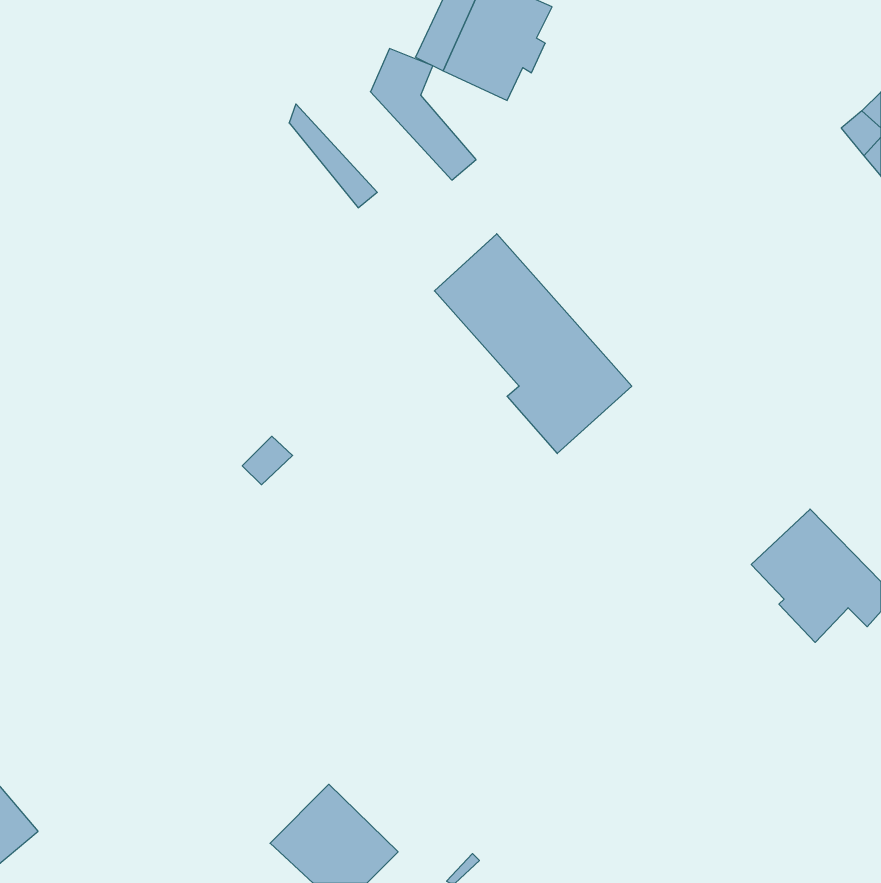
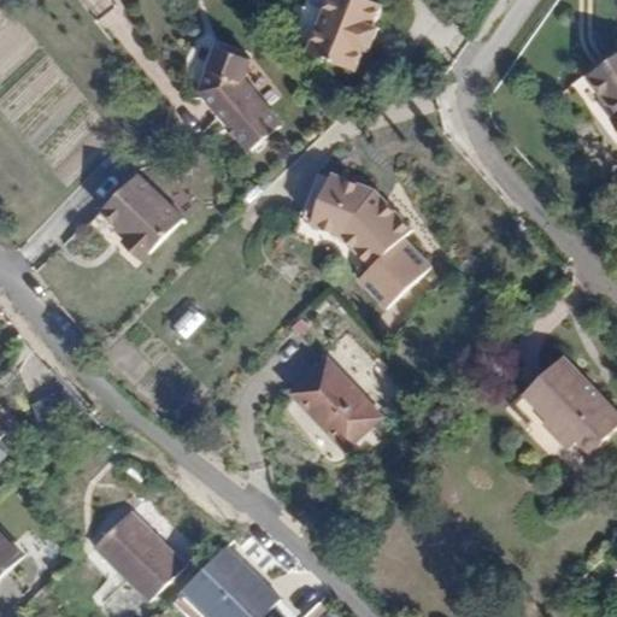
building: [370,49,476,180] -> [206,42,280,134]
building: none -> [99,175,177,259]
building: none -> [292,362,380,449]
building: none -> [88,519,181,609]

